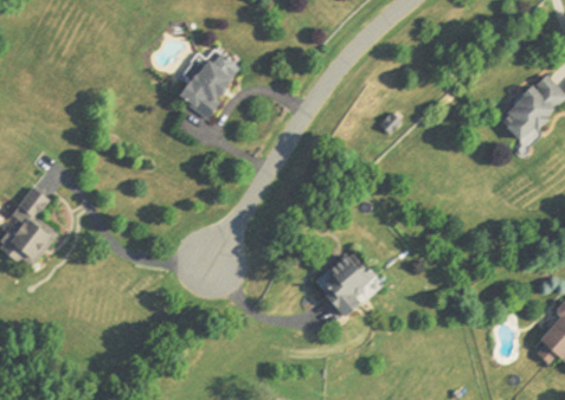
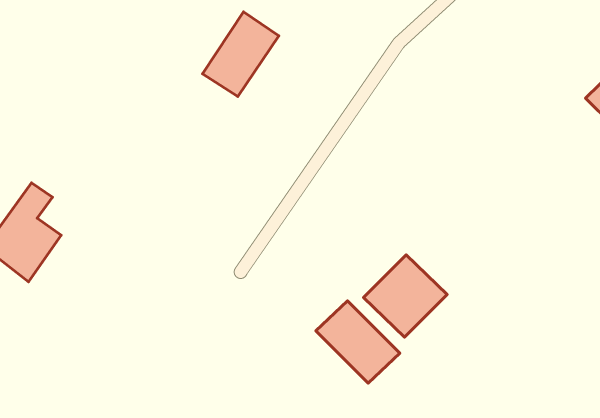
building: none -> [316,301,400,383]

